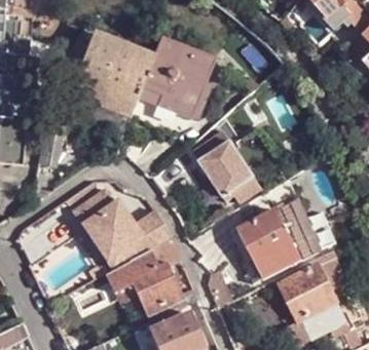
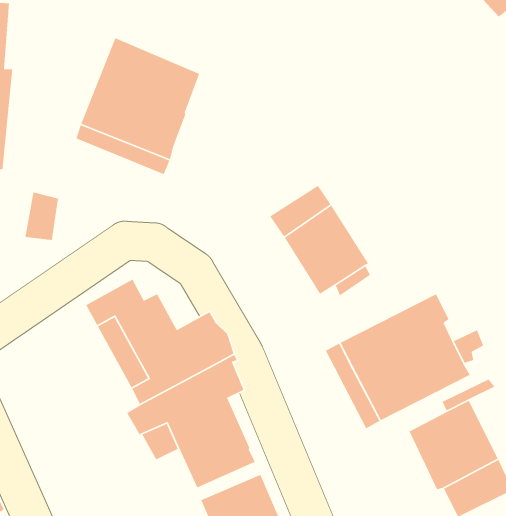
building: [140,42,212,119] -> none

